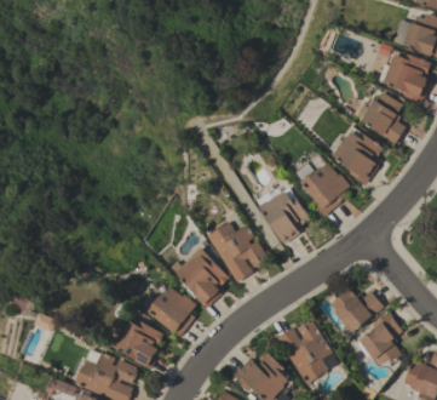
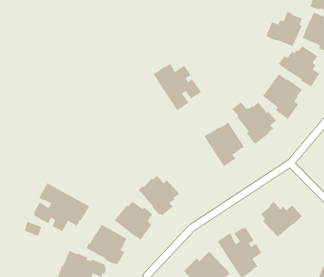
building: none -> [265,11,302,47]
building: [206,221,268,281] -> [153,63,202,111]
building: none -> [33,182,90,232]
building: [356,310,402,366] -> none

